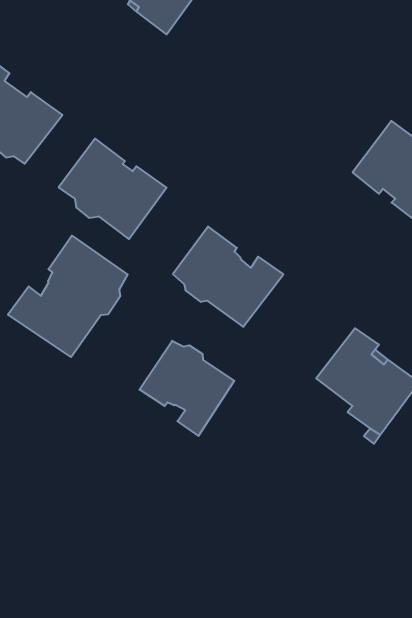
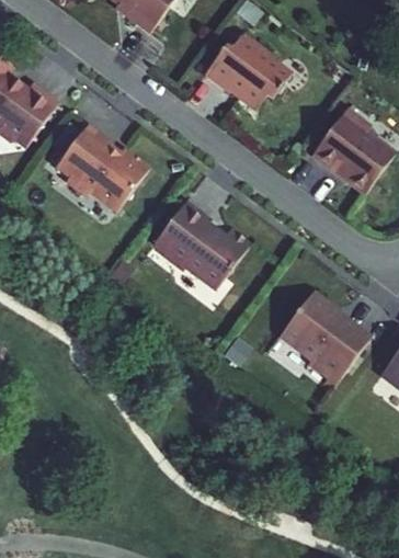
building: none -> [205,32,290,109]
building: [8,236,128,357] -> none
building: [139,341,234,436] -> none

